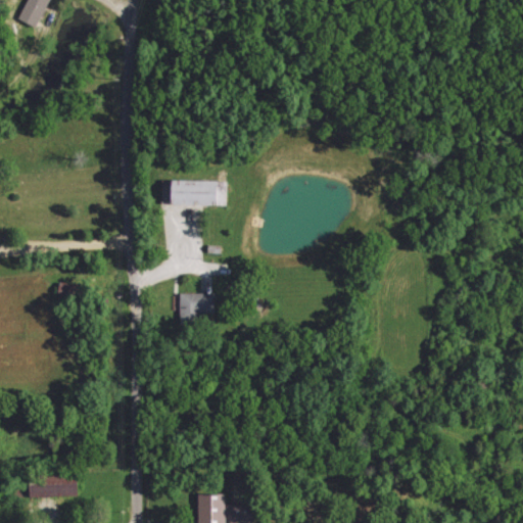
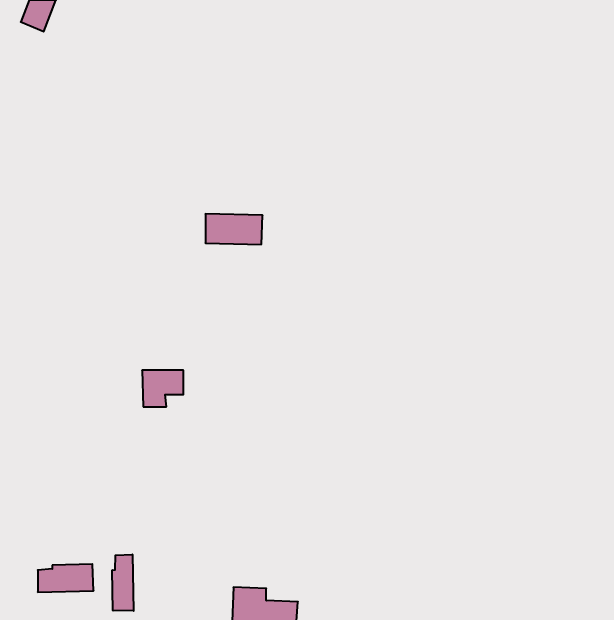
building: [177,294,211,325] -> [142,370,183,407]
building: none -> [112,554,134,611]

